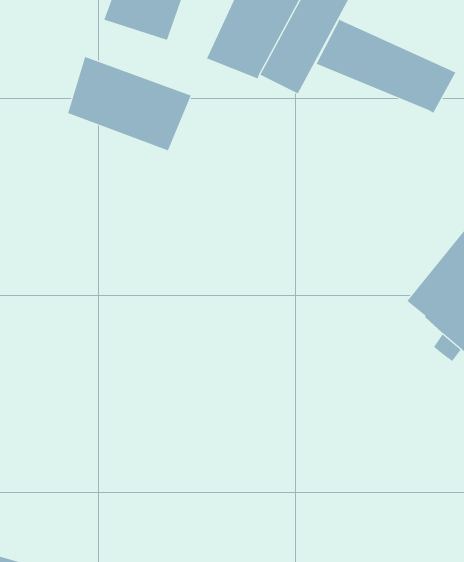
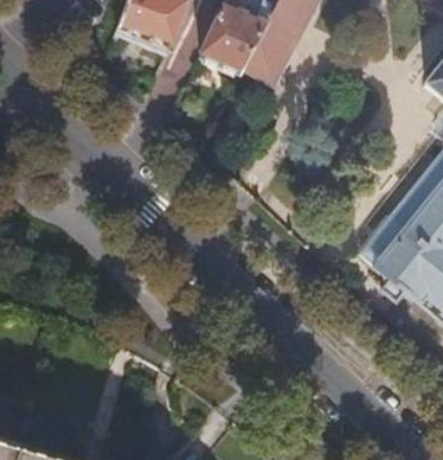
building: [316,19,456,113] -> none
building: [68,56,191,151] -> none

